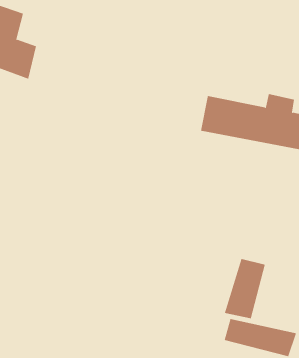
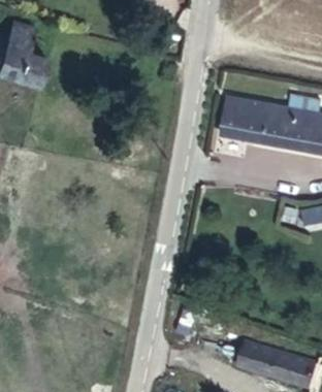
building: [224,258,265,319] -> none

